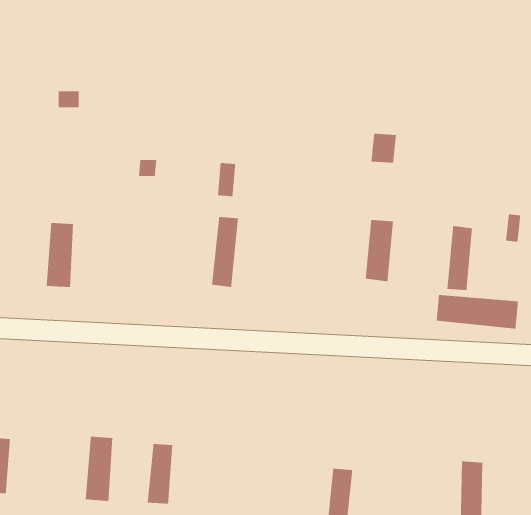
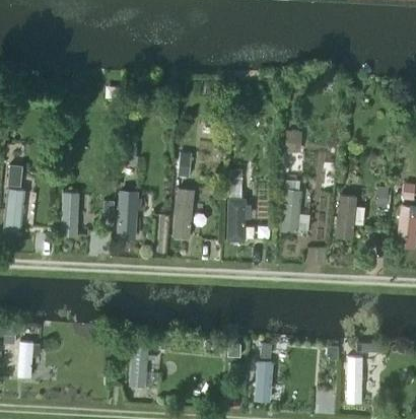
building: none -> [118,191,141,240]
building: none -> [228,198,250,241]
building: [436,294,519,330] -> none
building: [85,436,113,502] -> none

